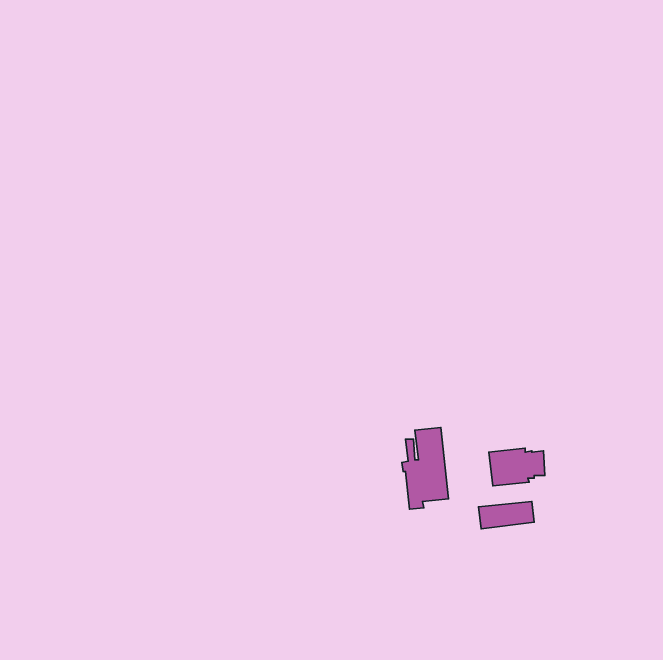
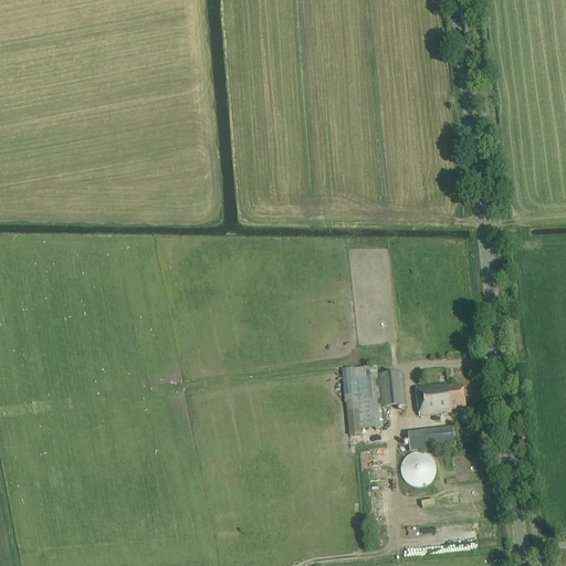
building: none -> [377,369,405,406]
building: none -> [399,450,434,485]

